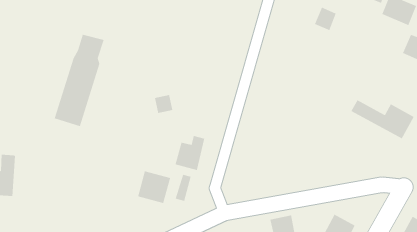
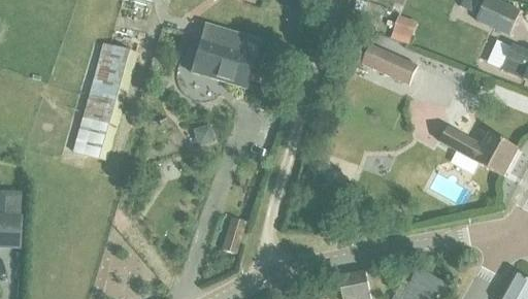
building: none -> [191,24,259,88]
building: none -> [362,43,418,84]
building: [175,135,205,171] -> none
building: [138,171,171,204] -> none

